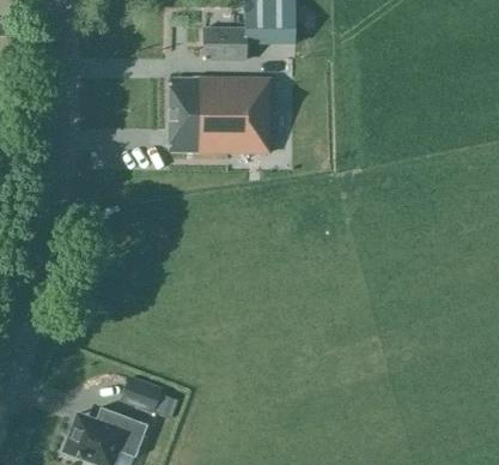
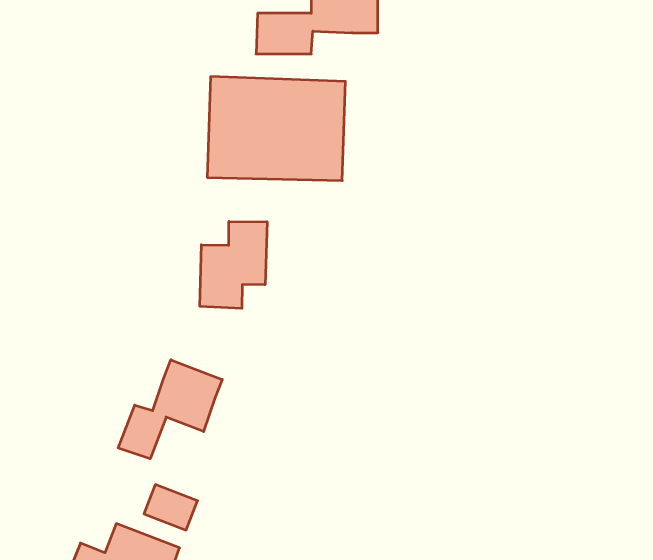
building: none -> [200,221,267,308]
building: none -> [118,360,222,459]

